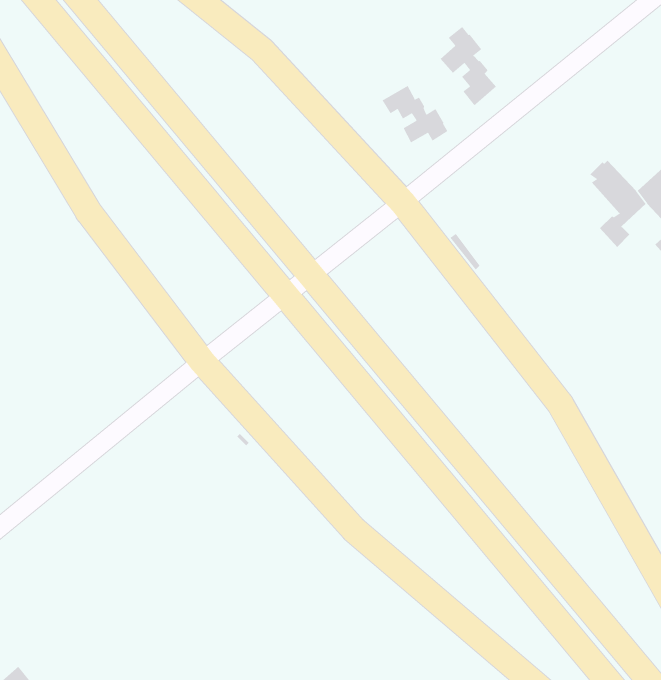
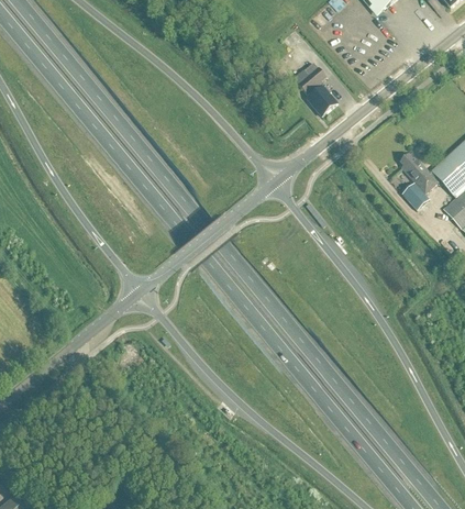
building: [382,85,448,143] -> none

